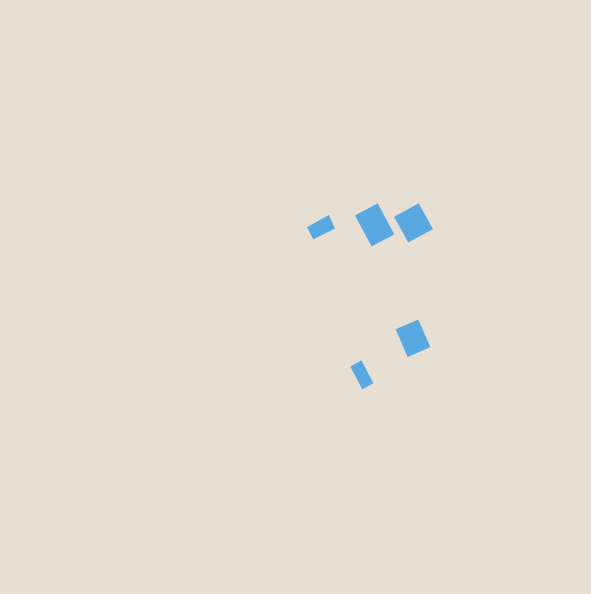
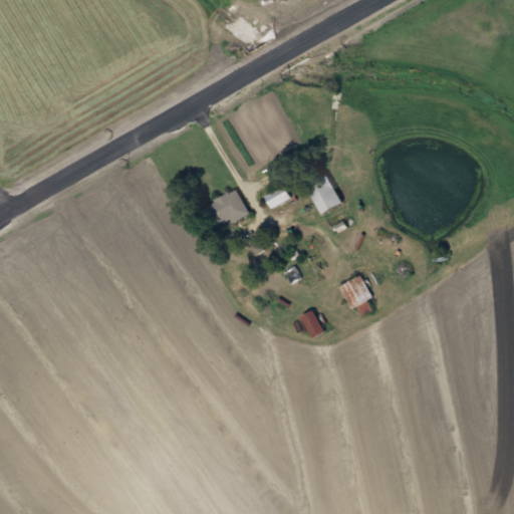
building: [393,202,434,244] -> none
building: none -> [208,188,249,228]

